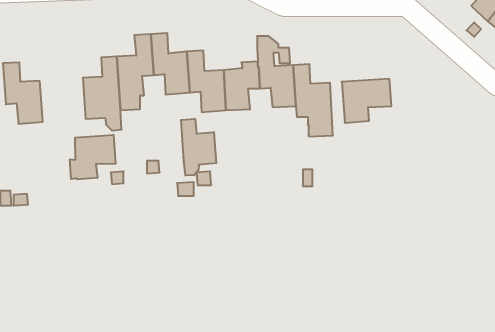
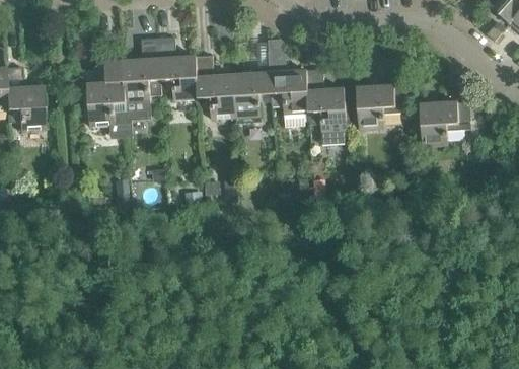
building: none -> [419,100,470,146]
building: [181,119,216,176] -> none
building: [70,135,116,179] -> none

